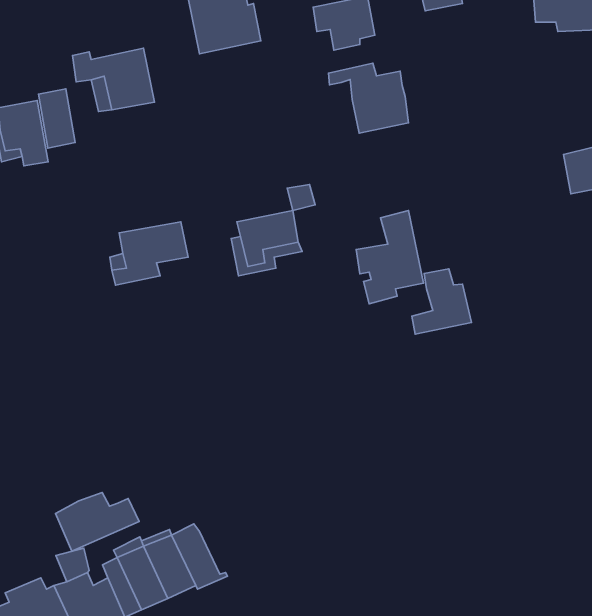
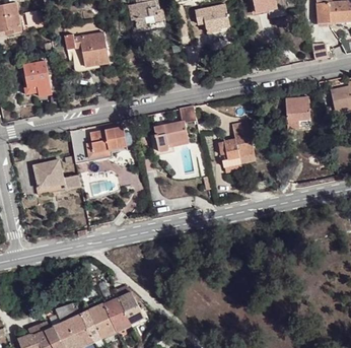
building: [329,63,408,133] -> none
building: [39,89,75,148] -> none
building: none -> [285,96,310,127]
building: [412,269,472,334] -> none
building: none -> [33,159,79,195]
building: [56,492,139,551] -> none

